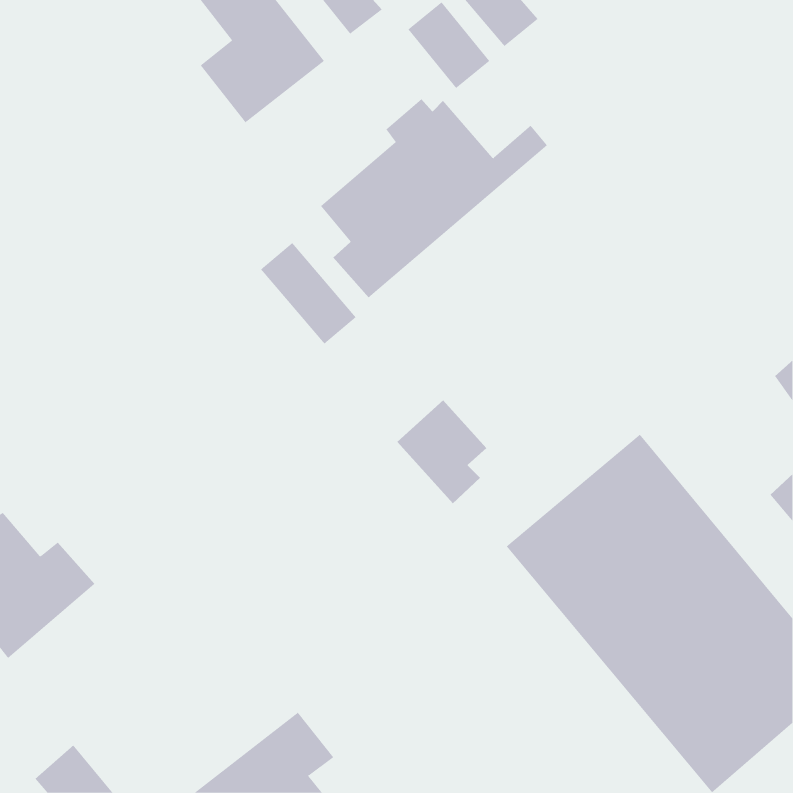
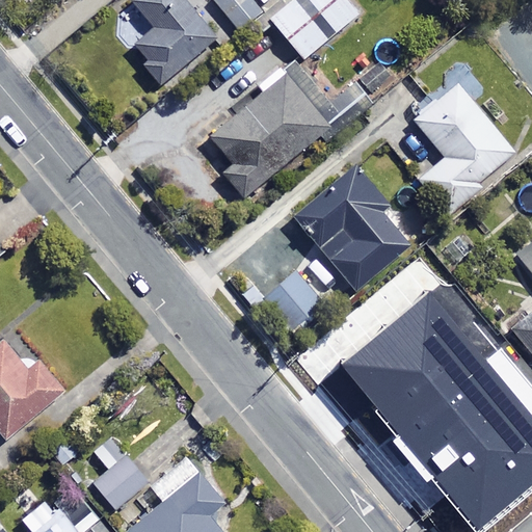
building: none -> [413,80,514,214]
building: [260,242,357,345] -> none
building: none -> [293,166,405,289]
building: none -> [95,453,151,509]

